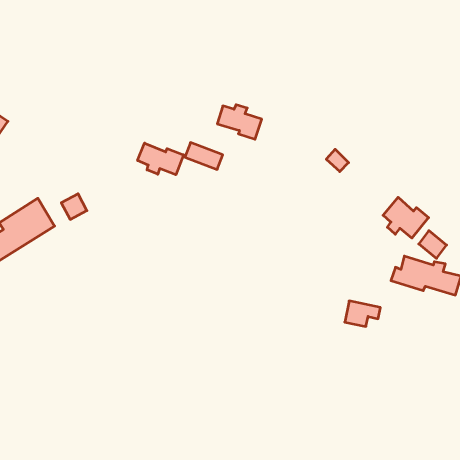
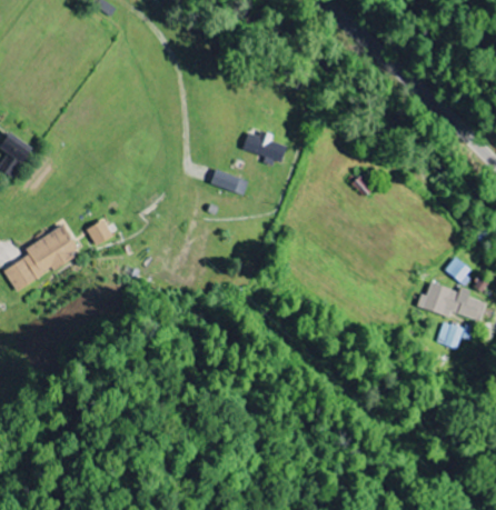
building: [138,143,183,175] -> none
building: [383,197,429,238] -> none
building: [345,301,380,326] -> [436,321,472,347]

